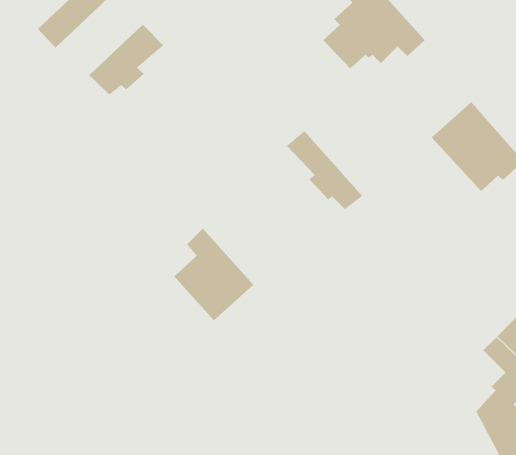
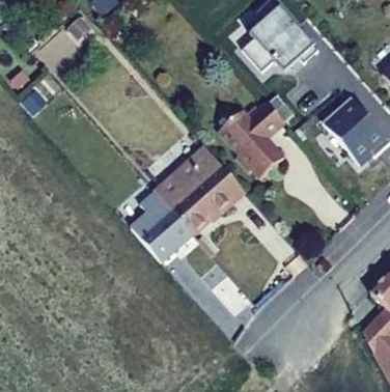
building: [89,24,164,95] -> none
building: none -> [230,102,285,169]
building: none -> [155,148,245,235]

